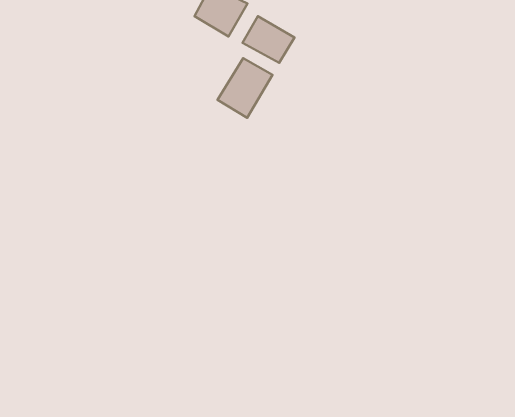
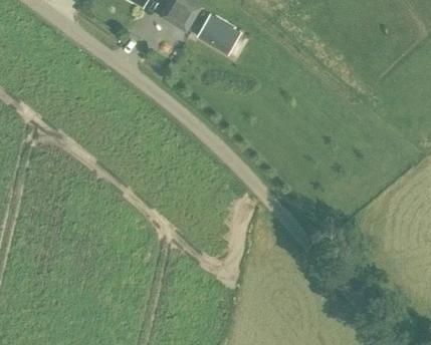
building: [217,58,272,118] -> none

